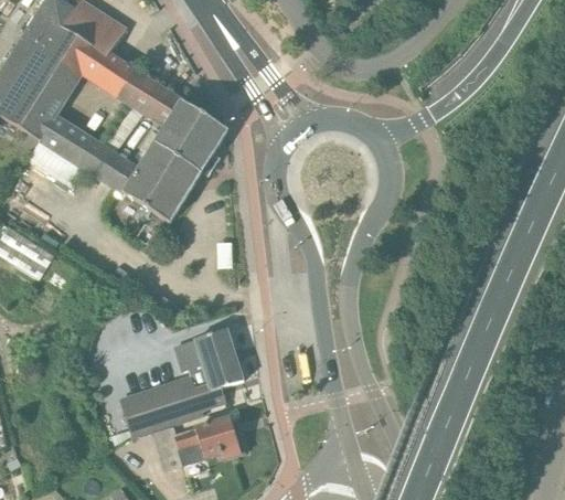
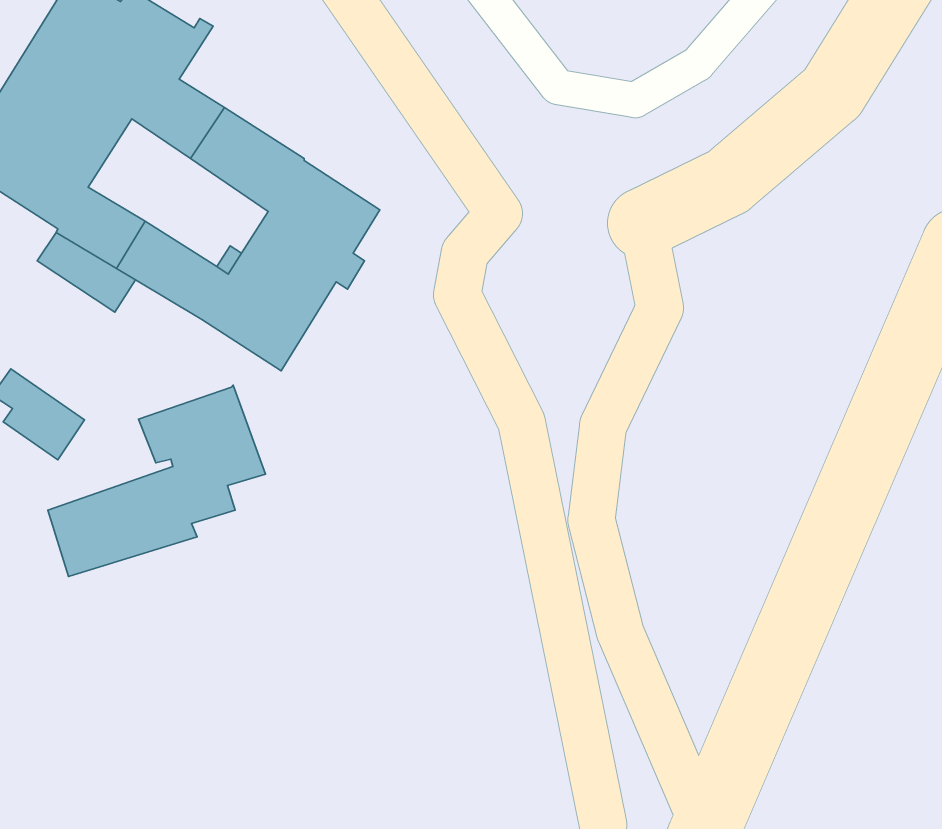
building: [119,327,246,438] -> [48,385,265,576]
building: [174,417,244,464] -> none

